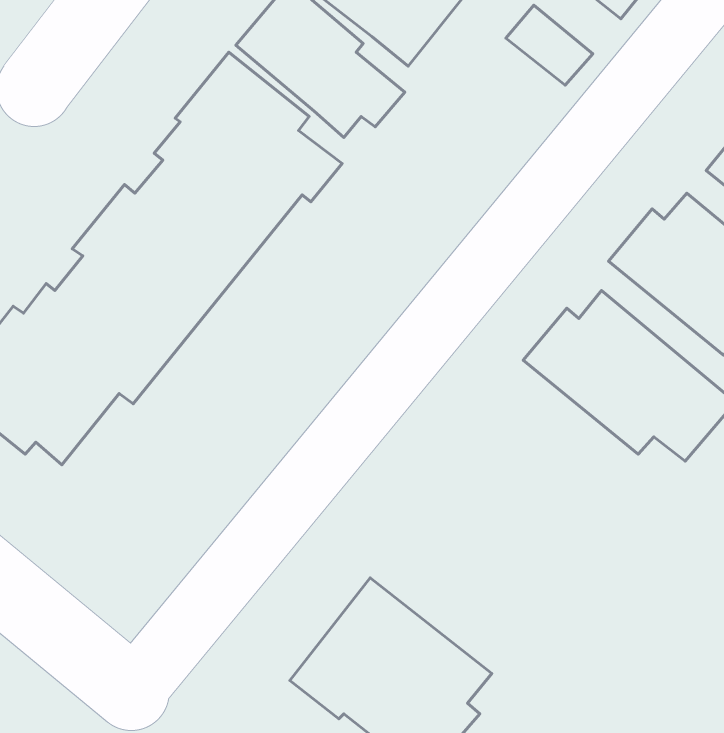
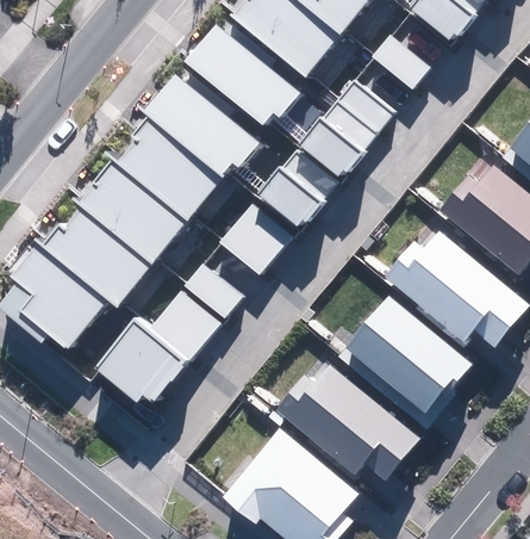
building: none -> [219,81,393,275]
building: none -> [94,262,244,404]
building: none -> [344,297,472,414]
building: none -> [272,364,417,481]

